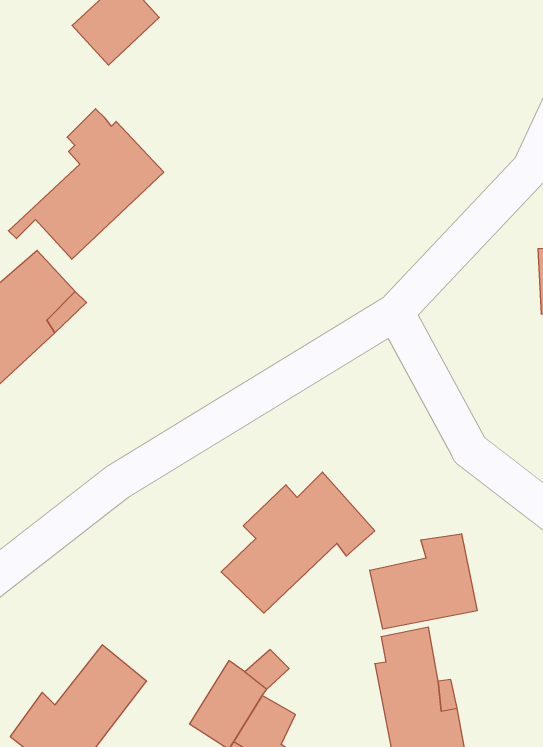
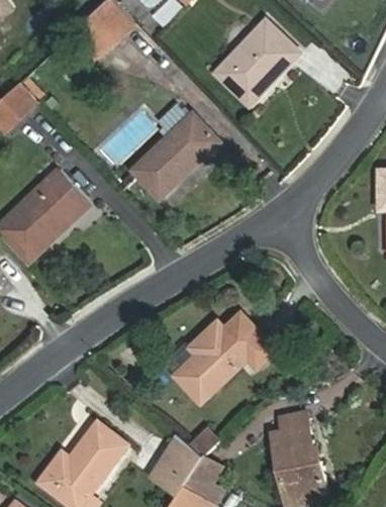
building: none -> [215,21,297,105]
building: [8,109,164,259] -> [117,103,216,199]
building: [370,534,477,629] -> none

